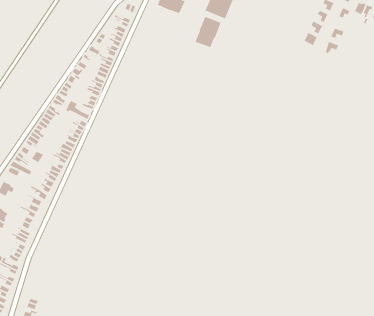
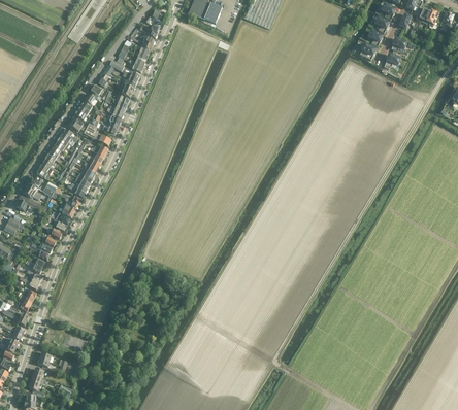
building: [194,16,222,48] -> none

